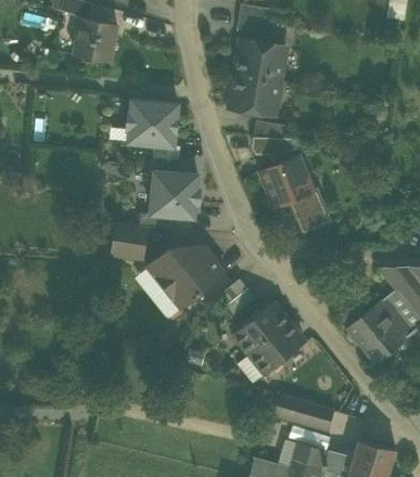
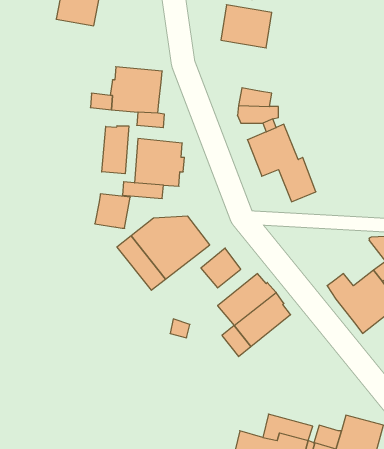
building: [230,74,280,115] -> none
building: none -> [102,126,129,174]
building: [275,395,334,429] -> none

